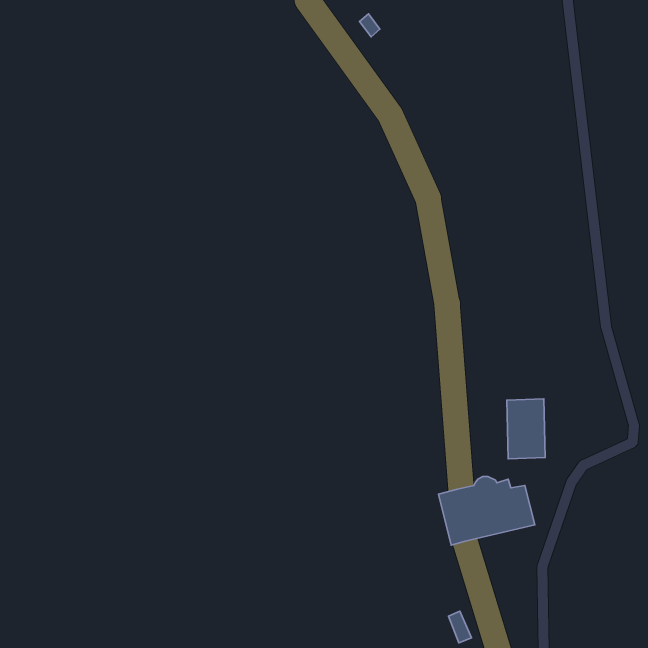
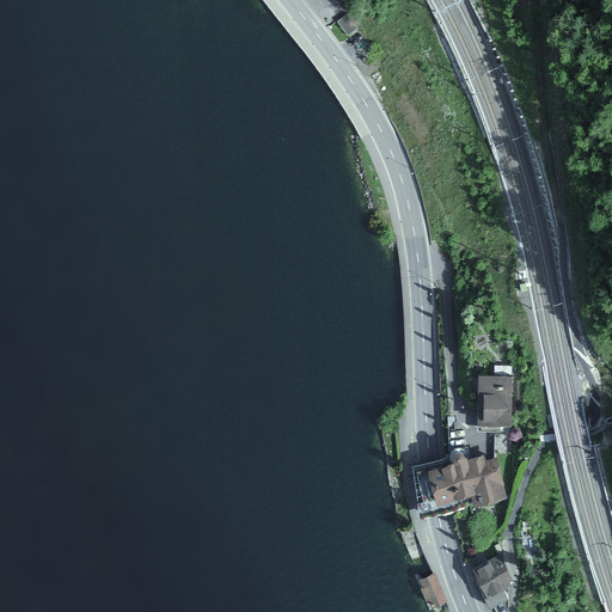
building: none -> [477,557,512,604]

